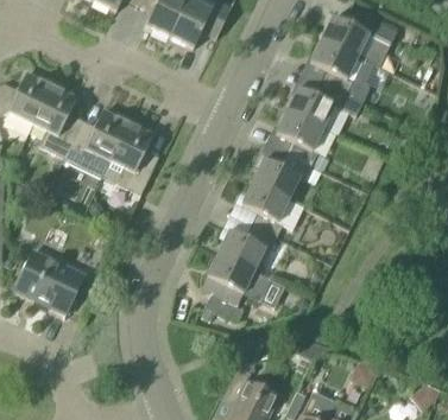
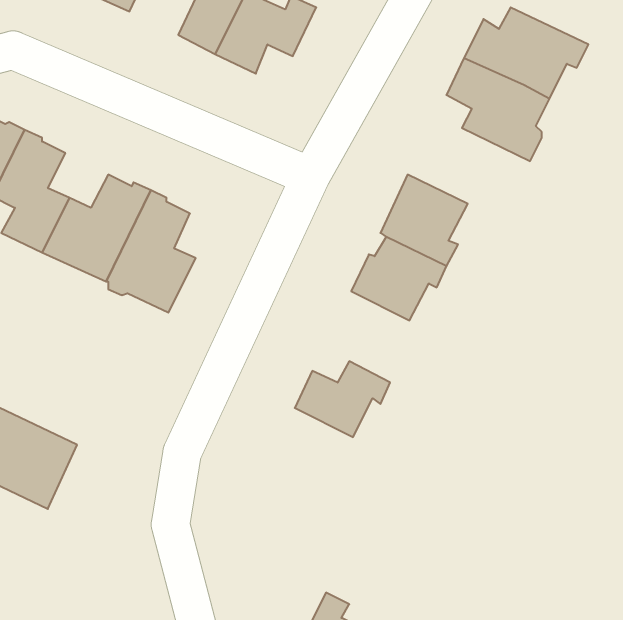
building: [286,81,361,127] -> none
building: [241,180,288,236] -> none
building: [204,252,271,320] -> none

